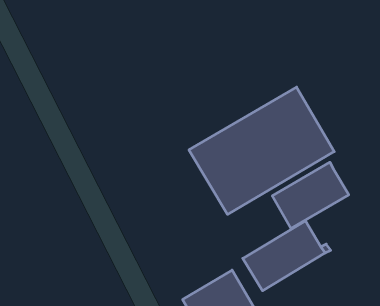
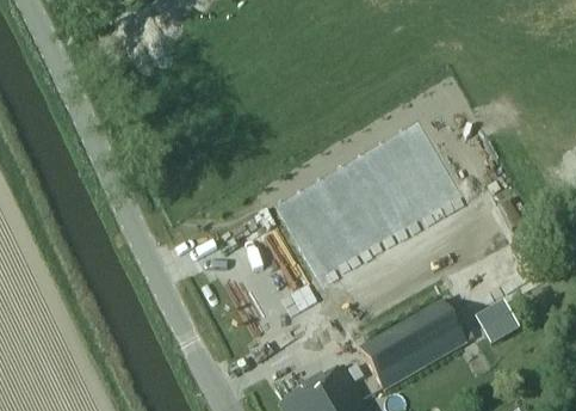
building: [272,162,349,228] -> none
building: none -> [471,299,516,344]

